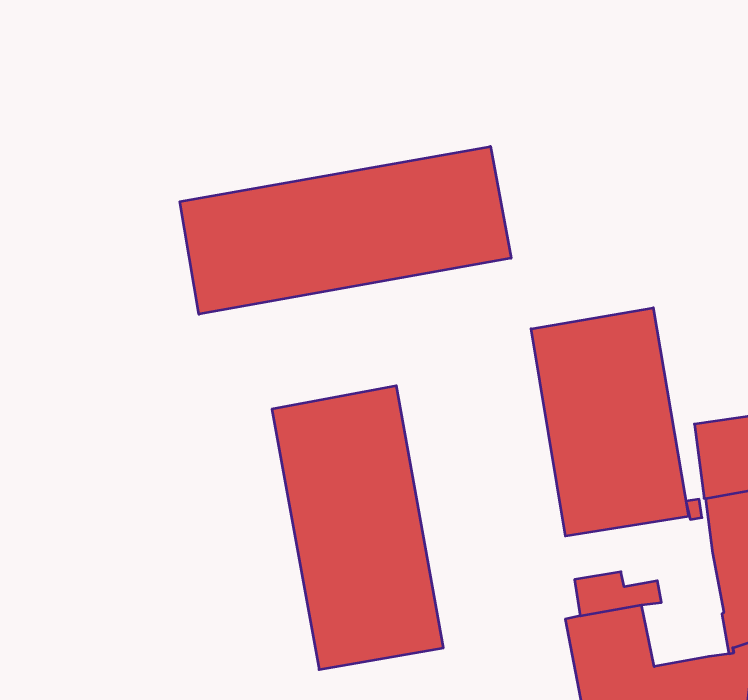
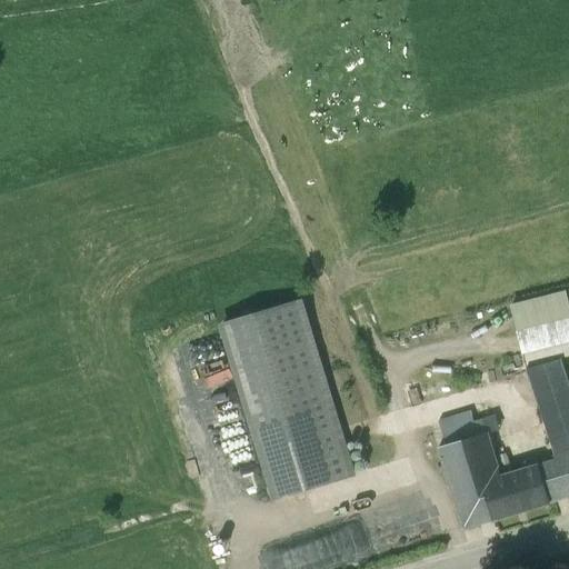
building: [180,146,511,314] -> none
building: [531,308,688,536] -> none

